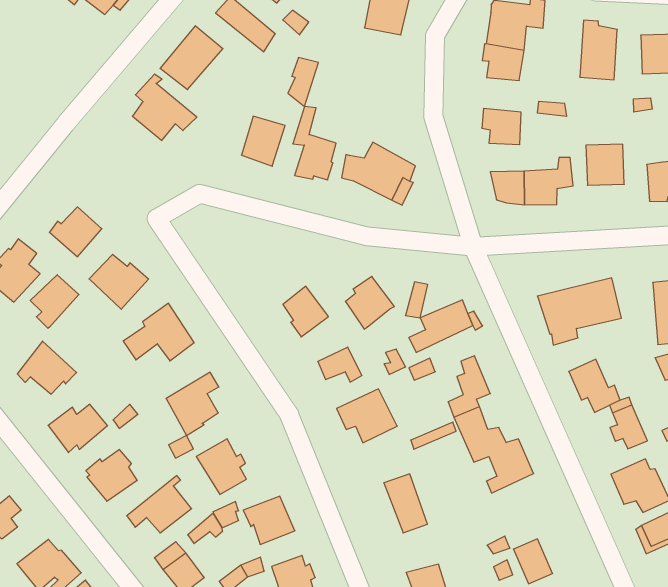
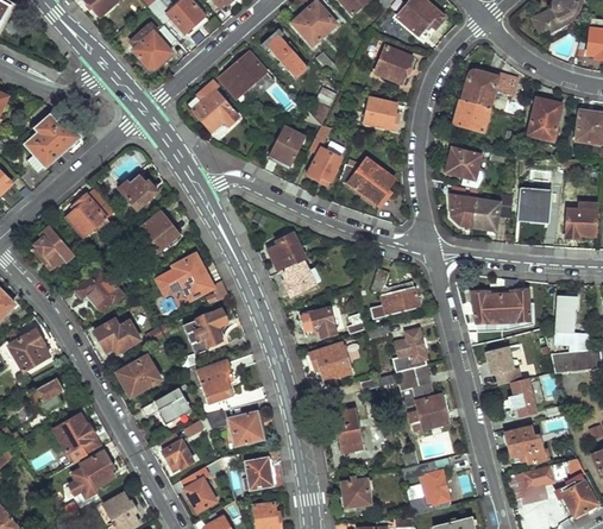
building: none -> [132,32,172,69]
building: none -> [364,99,400,130]
building: [30,275,79,328] -> none
building: [345,276,394,329] -> [269,232,304,270]

